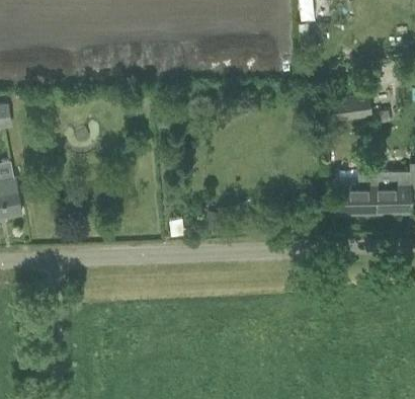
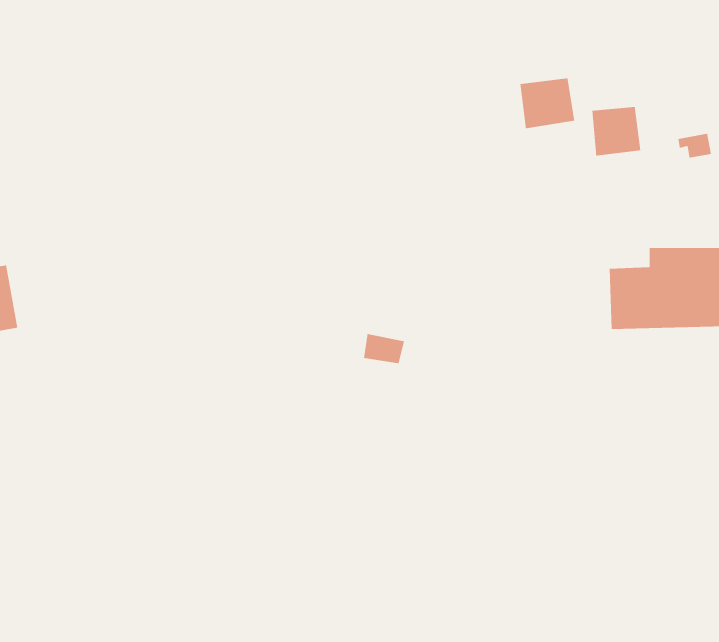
building: none -> [520,78,575,129]

